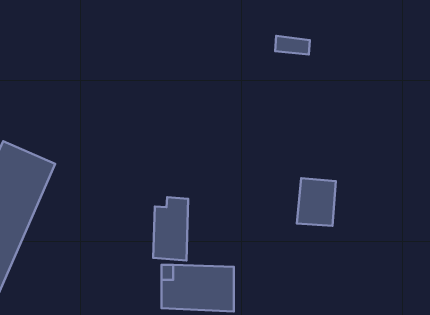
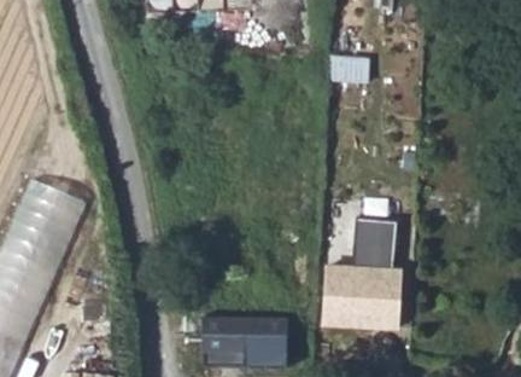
building: [153,197,188,260] -> none
building: none -> [327,268,402,323]

